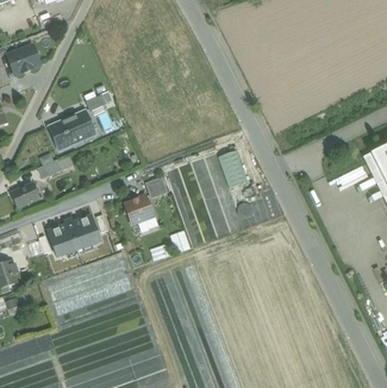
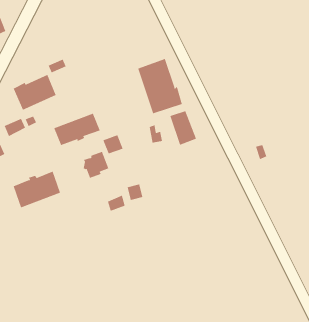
building: none -> [138,58,182,114]
building: none -> [54,113,100,146]

